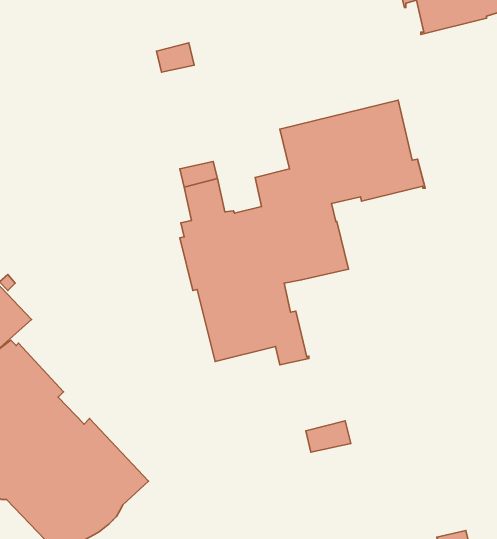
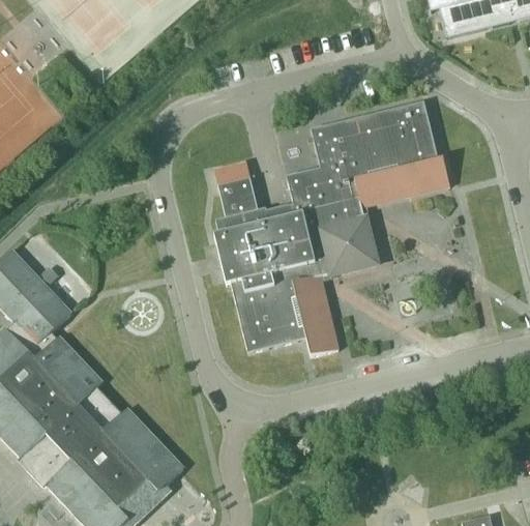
building: [157,43,194,72] -> none
building: [306,421,351,452] -> none

